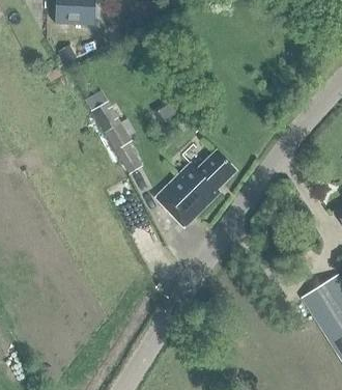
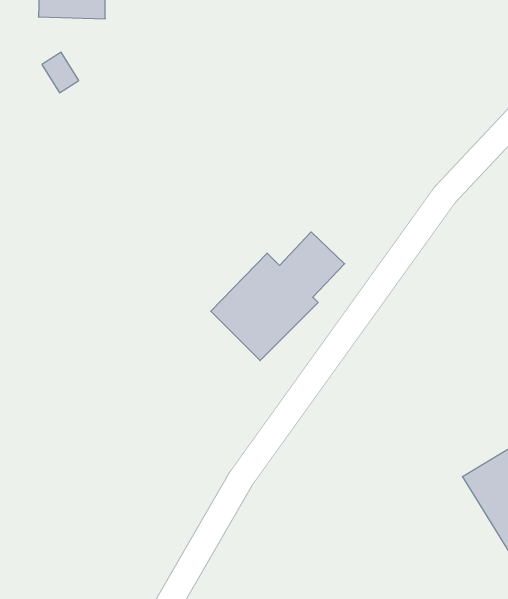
building: [91,104,140,175] -> none

